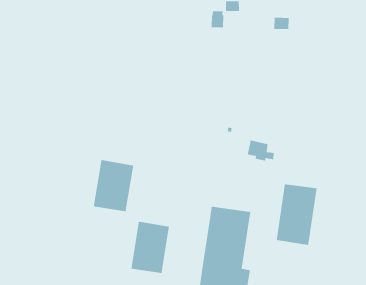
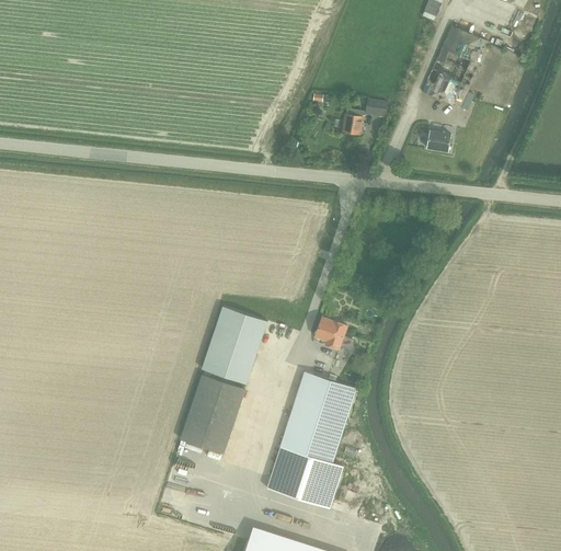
building: [247,140,275,161] -> [314,317,353,349]
building: [93,159,134,212] -> [202,307,266,383]
building: [276,183,317,246] -> none

